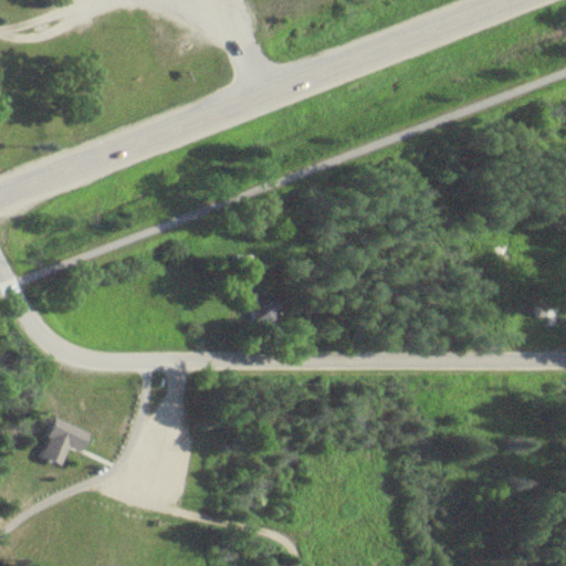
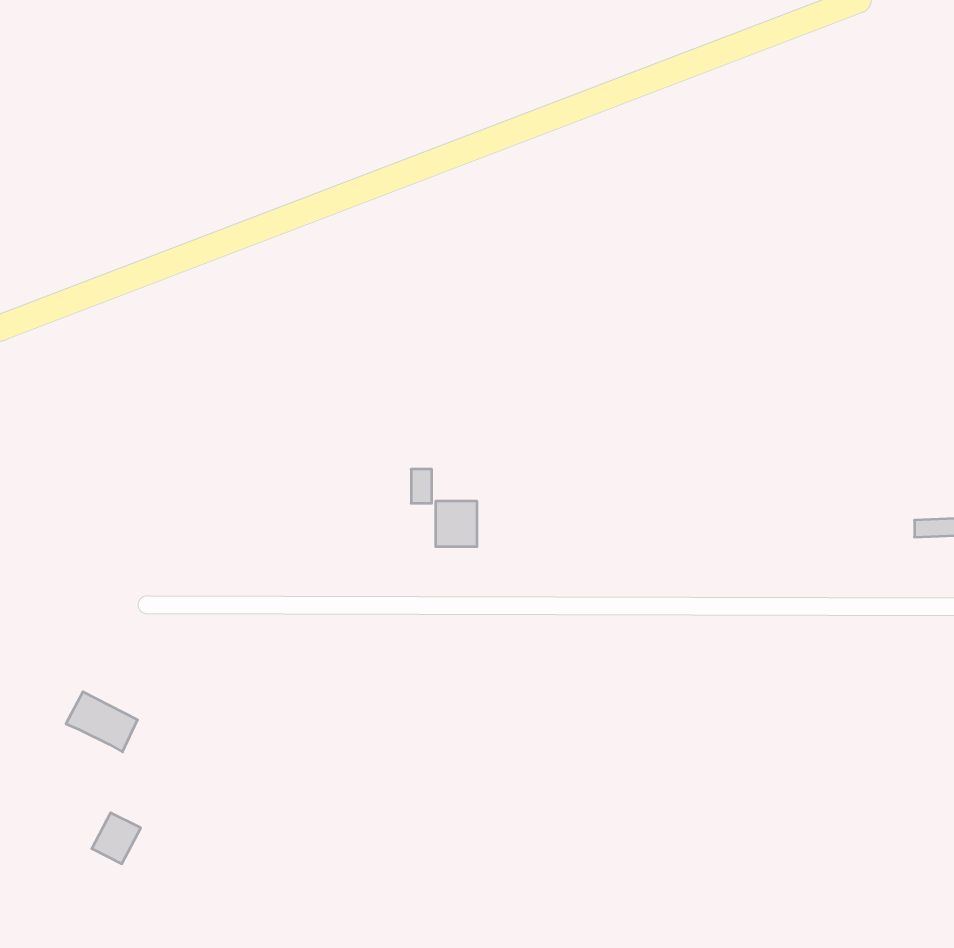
building: [41,437,70,467] -> [92,813,141,864]

